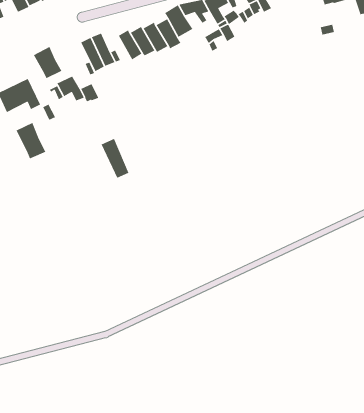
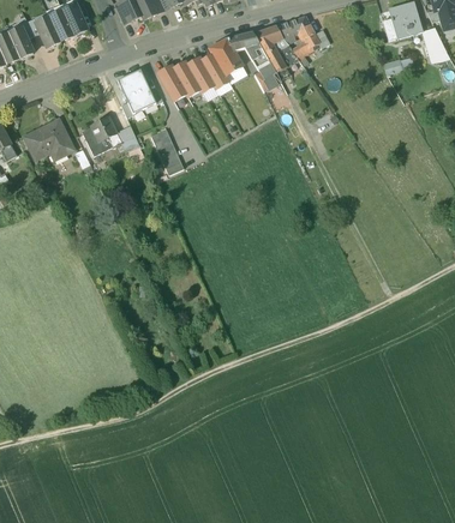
building: [33,46,63,79] -> none
building: [15,122,46,160] -> none
building: [101,138,130,179] -> [151,131,184,176]

